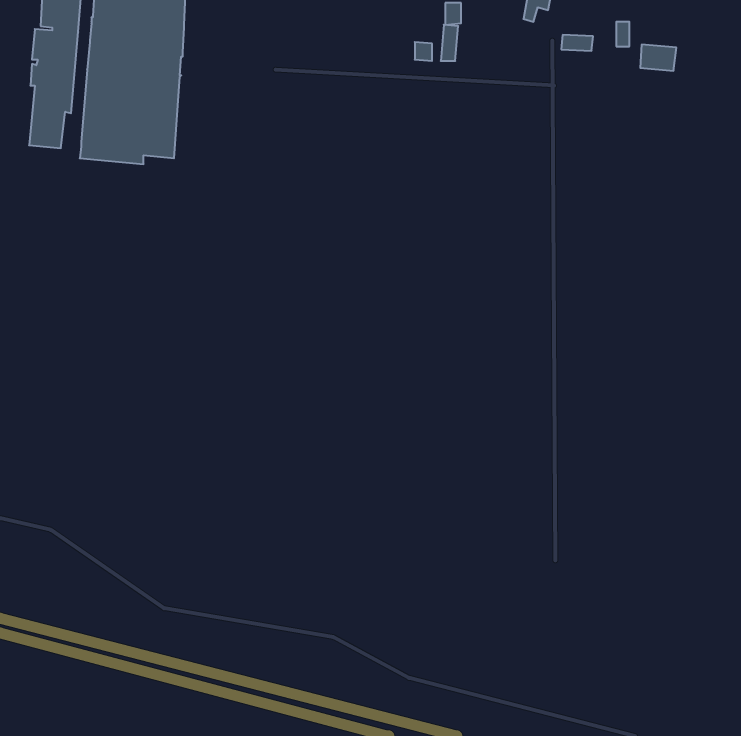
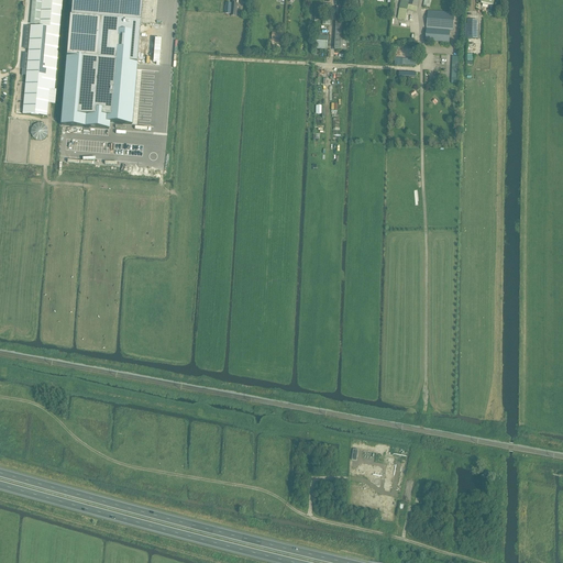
building: [640,45,676,71] -> [427,8,454,27]

